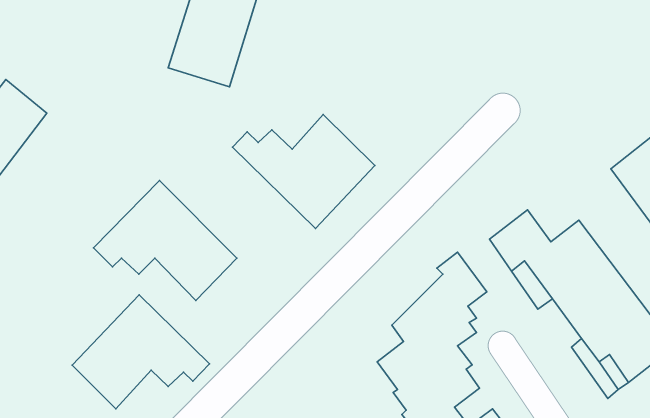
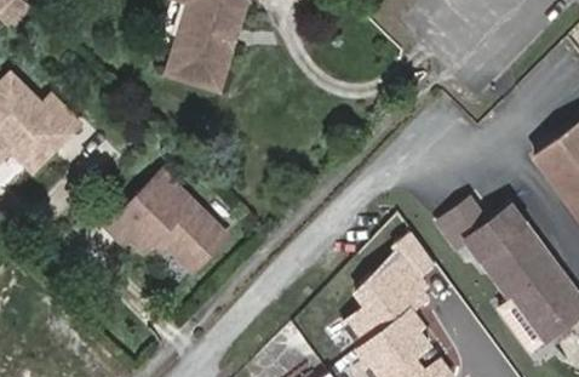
building: [233,114,375,228] -> none
building: [72,295,209,409] -> none

